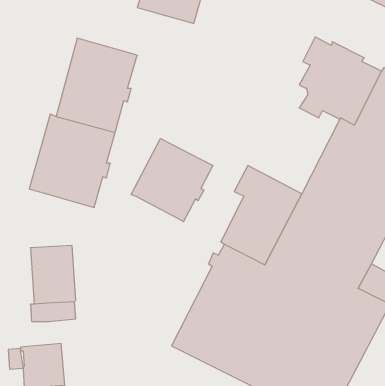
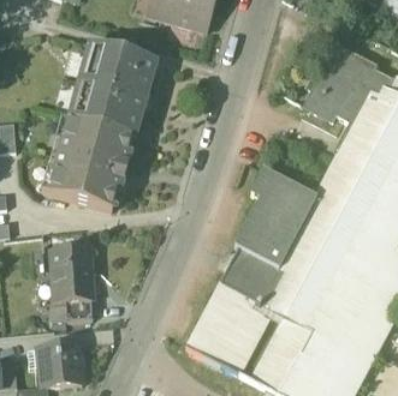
building: [131,139,213,222] -> none

